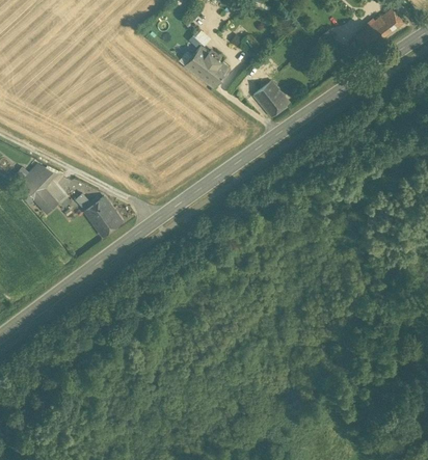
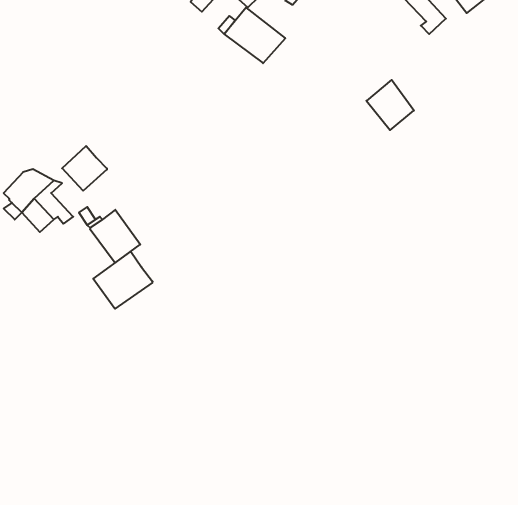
building: [252,78,288,115] -> [366,80,414,130]
building: none -> [62,146,107,191]
building: none -> [93,251,153,309]

